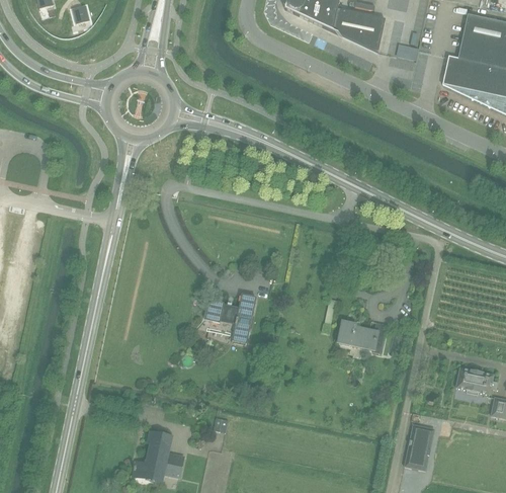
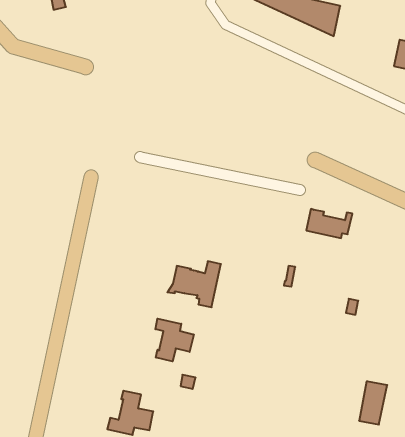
building: [337,317,387,348] -> [306,209,352,238]
building: none -> [155,319,194,361]

